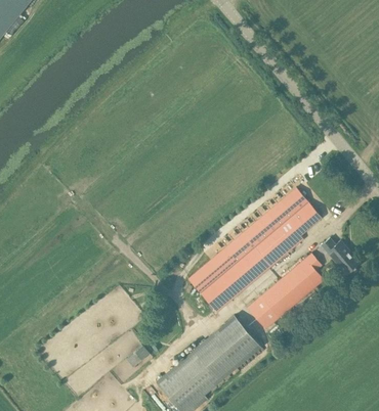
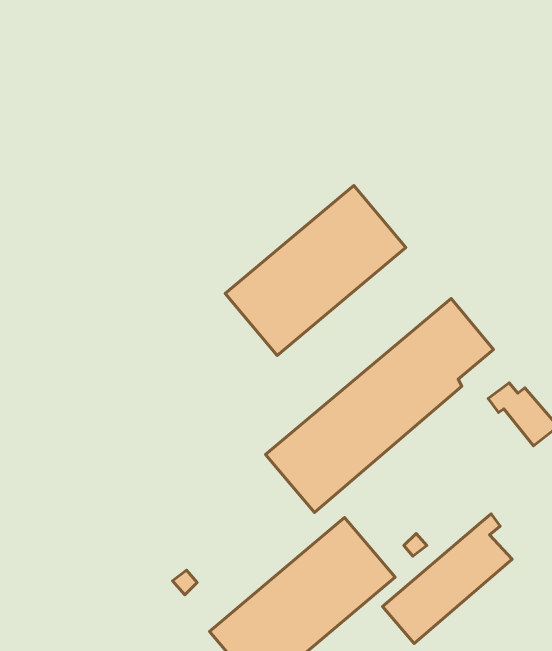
building: none -> [225,185,406,356]
building: [247,252,323,327] -> [383,514,512,643]

